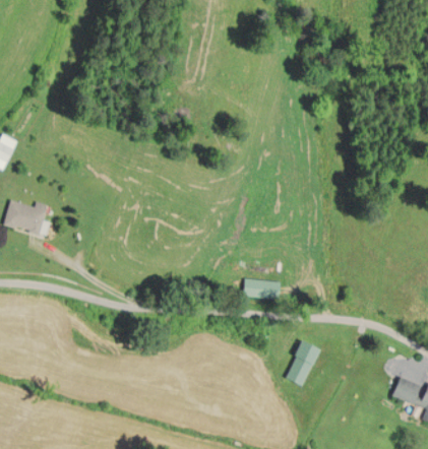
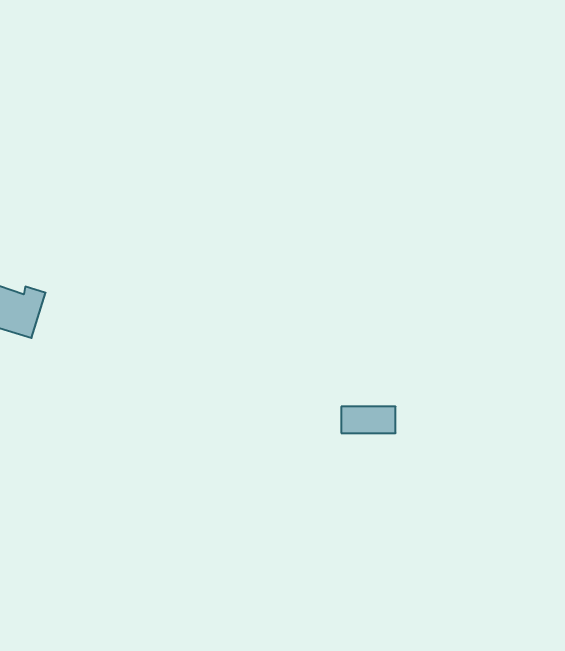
building: [284,339,320,385] -> none

